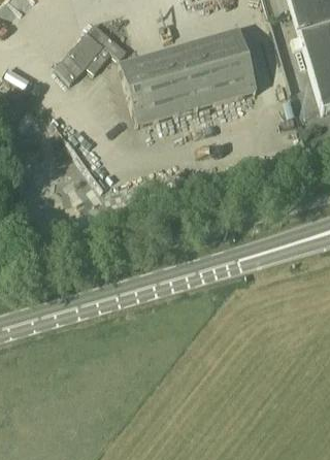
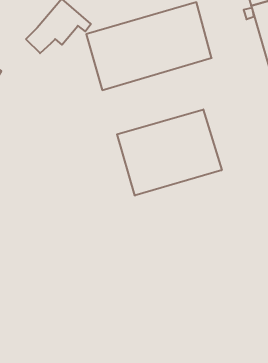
building: none -> [117,109,222,196]

